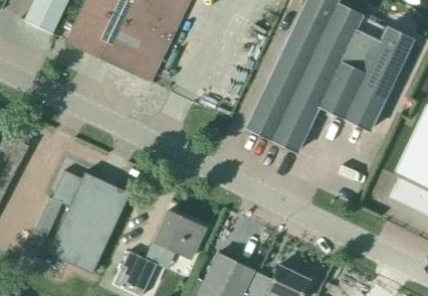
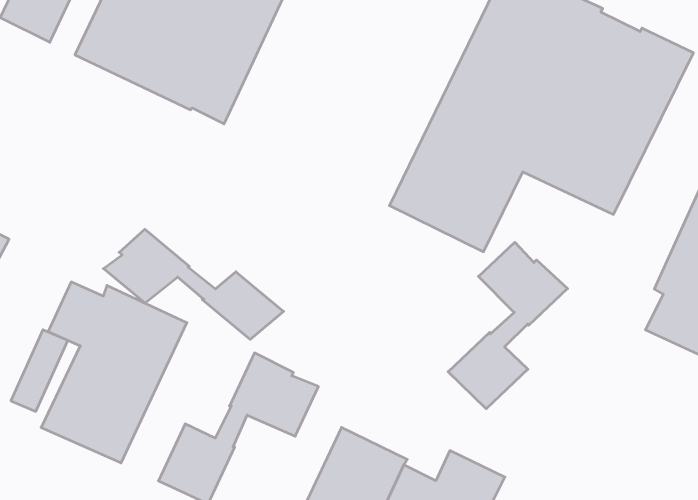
building: none -> [103,229,284,339]
building: none -> [448,242,568,409]

